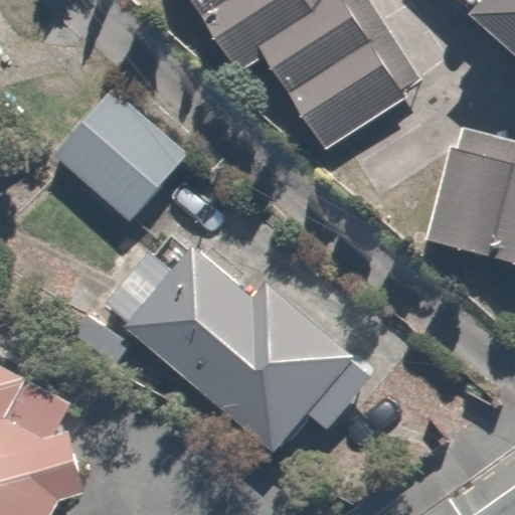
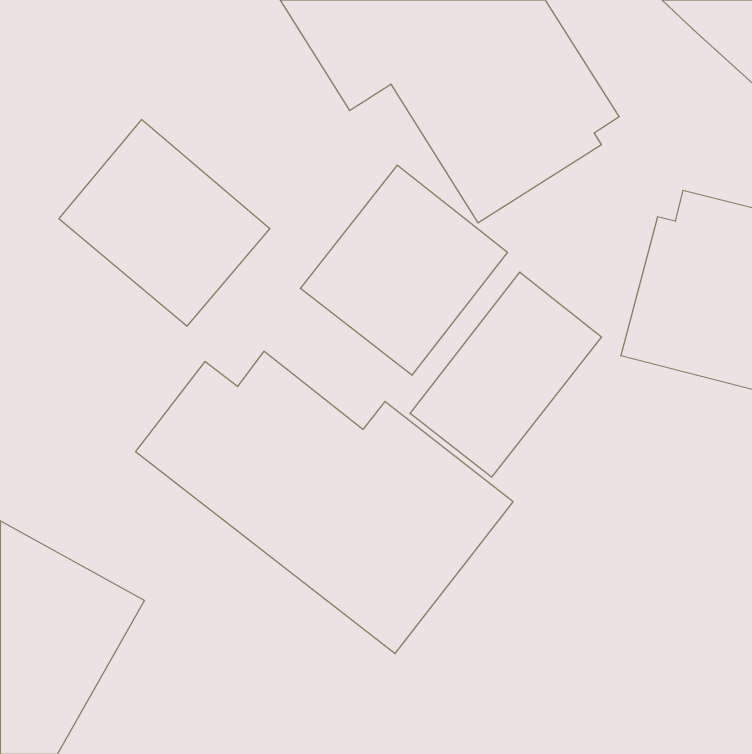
building: none -> [300,165,508,375]
building: none -> [410,272,602,477]

